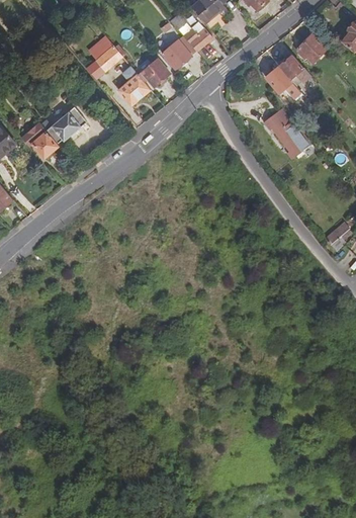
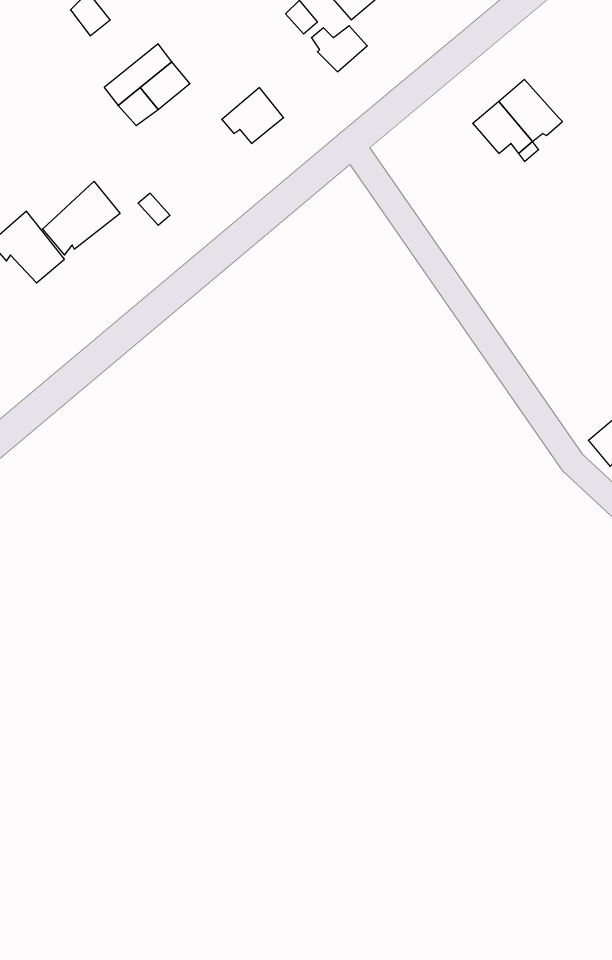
building: [298,34,327,63] -> none
building: [162,39,191,69] -> none
building: [118,70,151,105] -> none
building: [265,109,308,158] -> none

